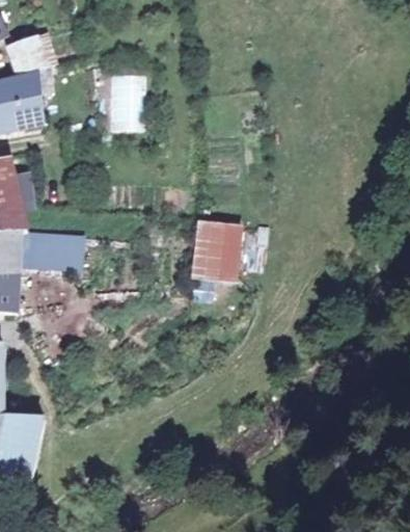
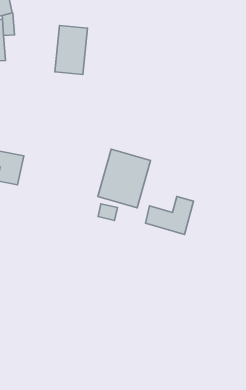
building: none -> [145,196,194,235]

